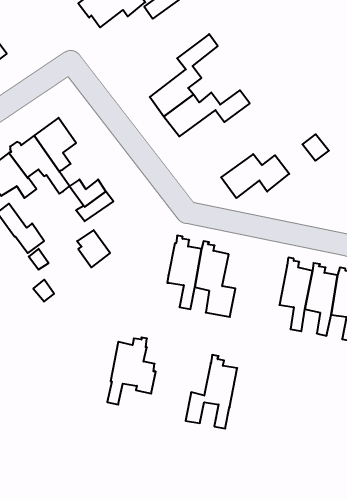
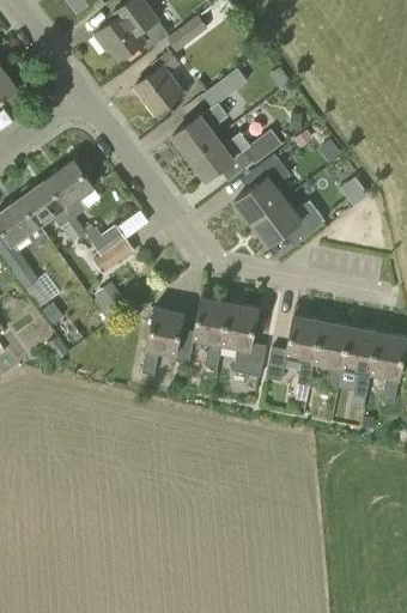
building: none -> [134,51,183,114]
building: none -> [233,153,290,224]
building: [107,337,156,405] -> [141,302,194,375]
building: [186,355,237,429] -> [266,305,322,386]

